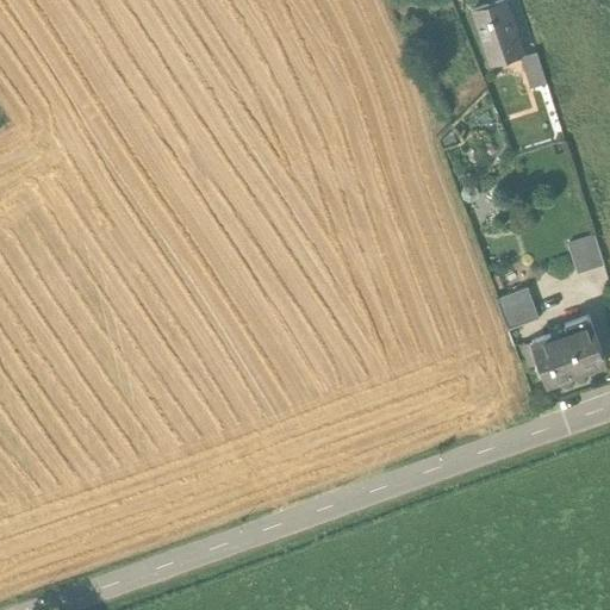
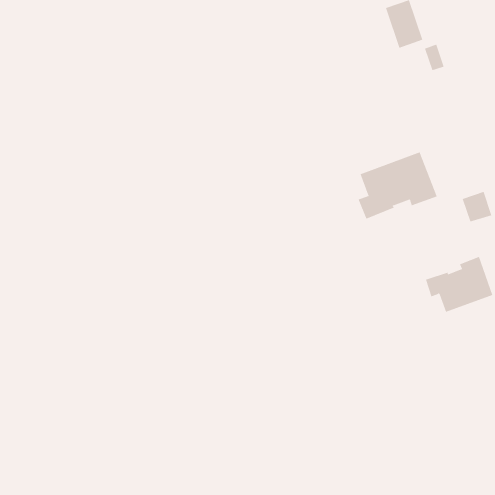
building: none -> [358,152,437,219]
building: [496,287,540,330] -> none

